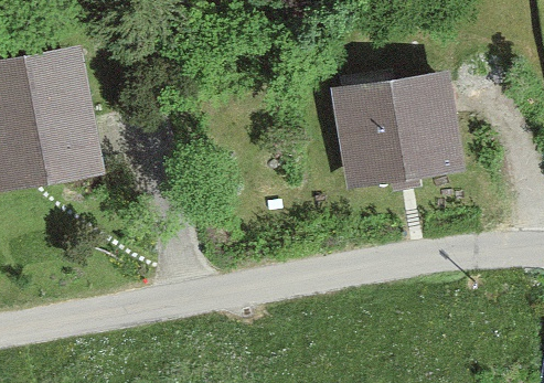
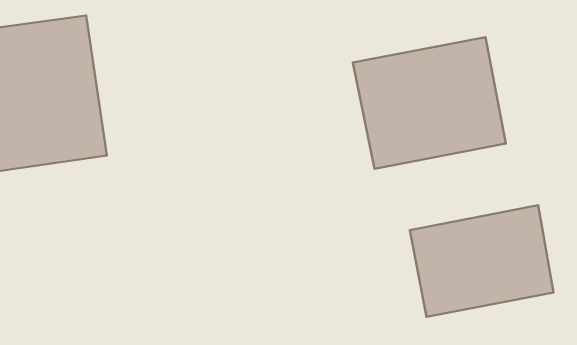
building: none -> [410,205,554,317]

